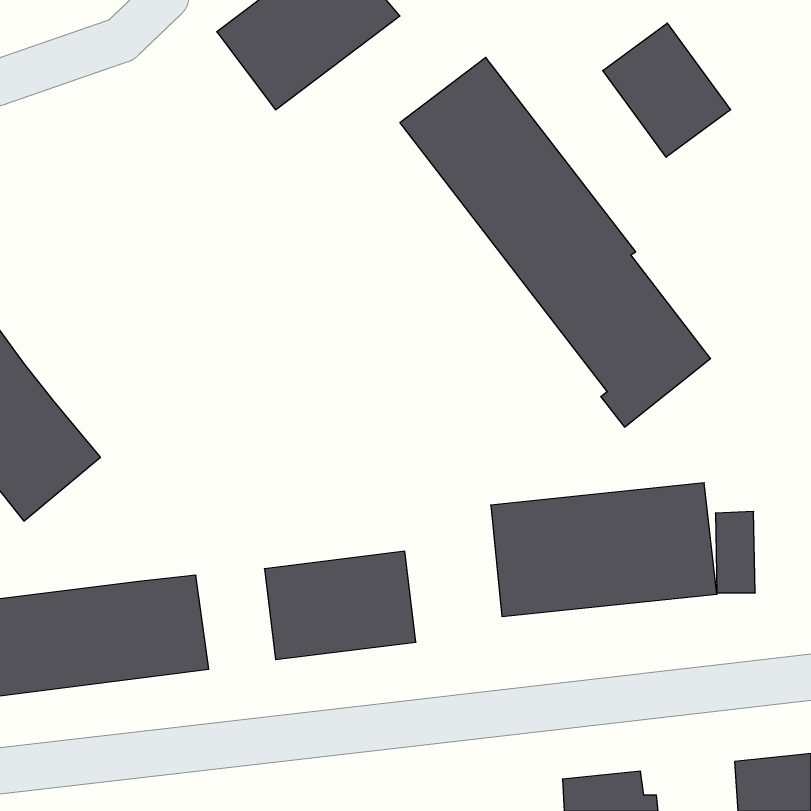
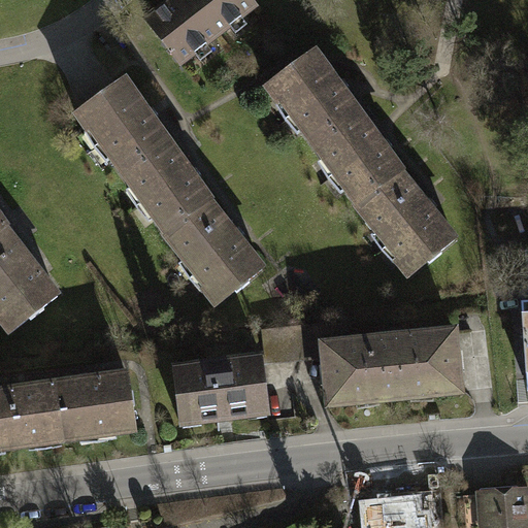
building: [603,23,731,157] -> none
building: none -> [72,79,271,310]

